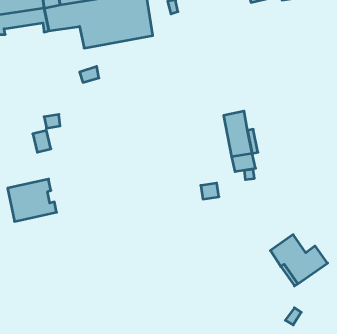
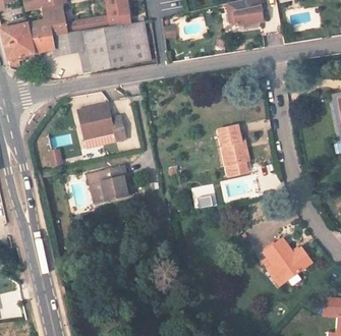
building: none -> [76,110,124,143]
building: [8,179,57,221] -> [83,167,127,205]

